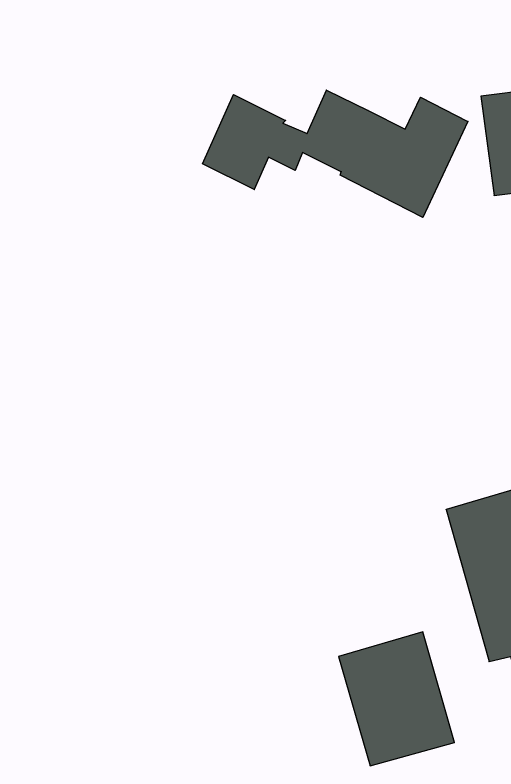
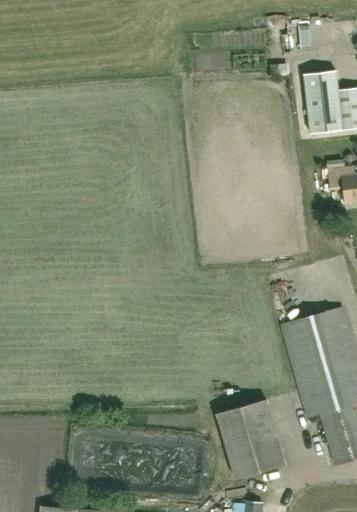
building: [202,90,468,217] -> none

